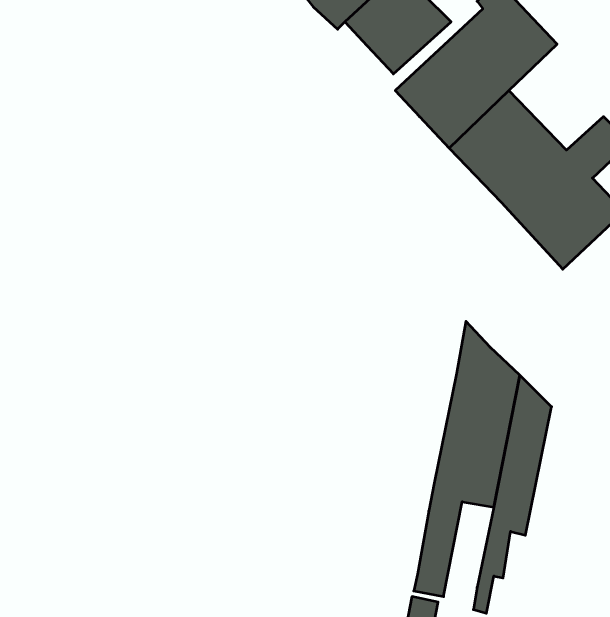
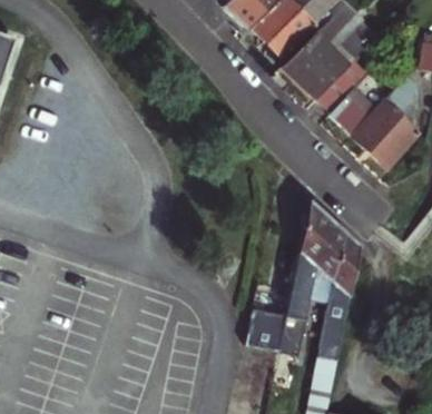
building: none -> [256,303,296,348]

